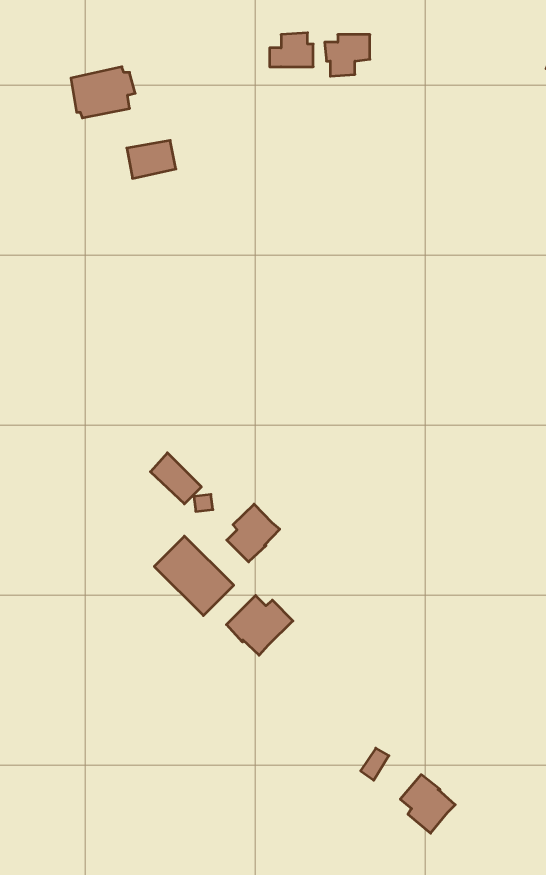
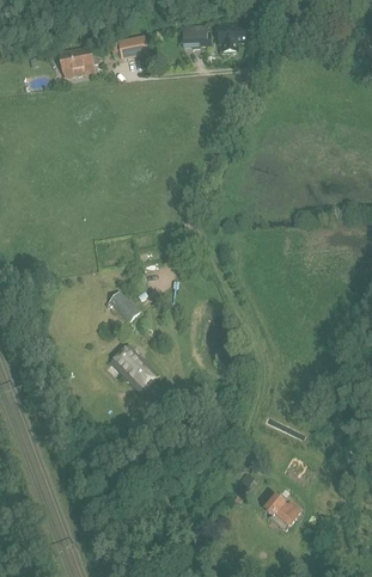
building: [127,140,176,178] -> [118,36,150,60]
building: [227,504,280,562] -> none
building: [226,595,293,655] -> none

